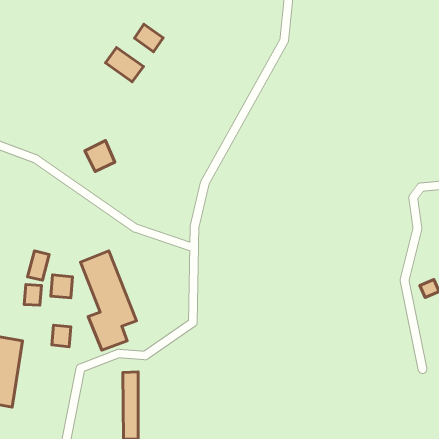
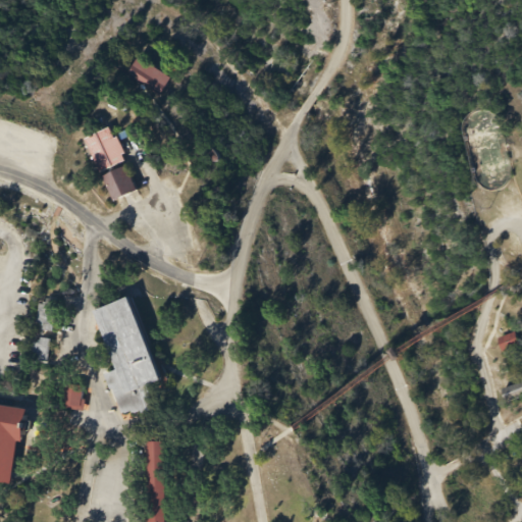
building: [134,24,163,52] -> none
building: none -> [83,127,124,172]
building: [51,275,73,298] -> none

